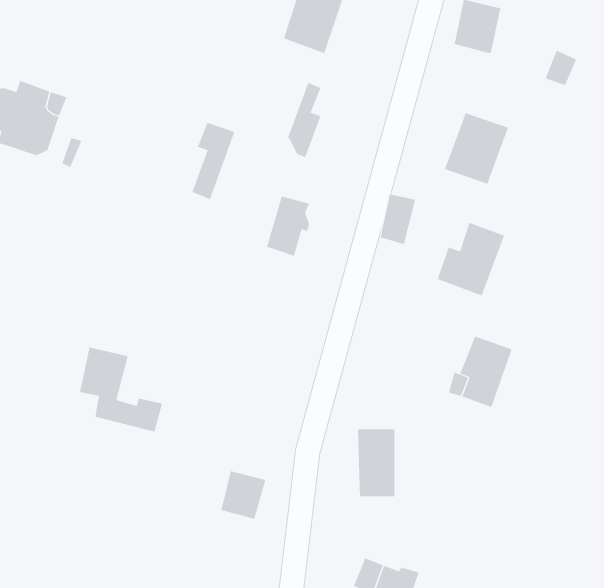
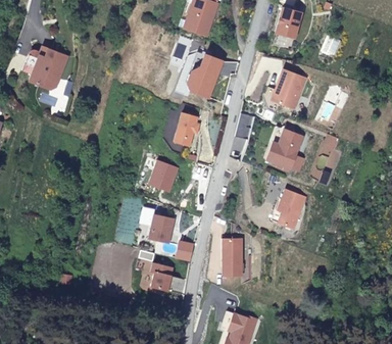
building: [192,122,235,200] -> [197,55,220,97]
building: none -> [152,161,181,192]
building: [79,347,163,432] -> [151,213,196,259]

